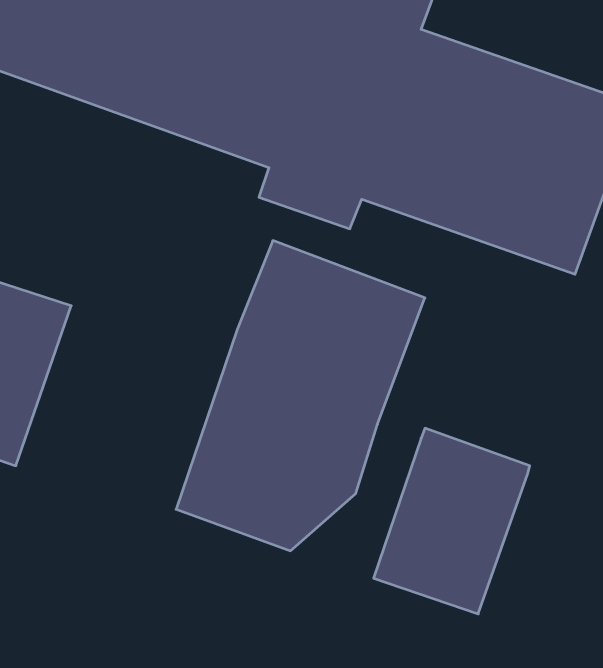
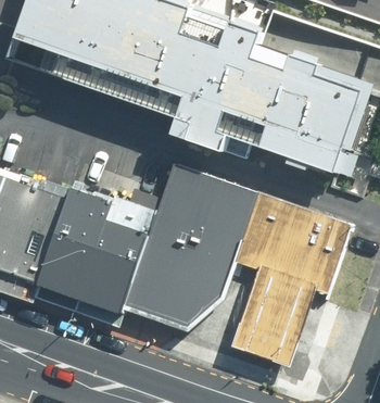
building: none -> [36,188,157,314]
building: none -> [235,192,352,292]

